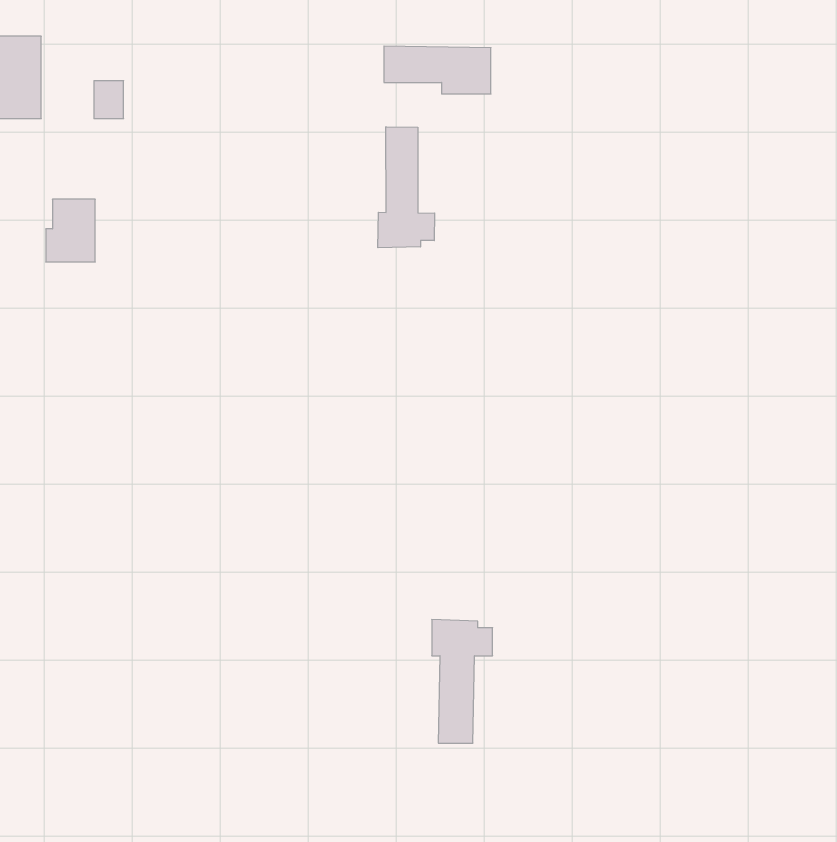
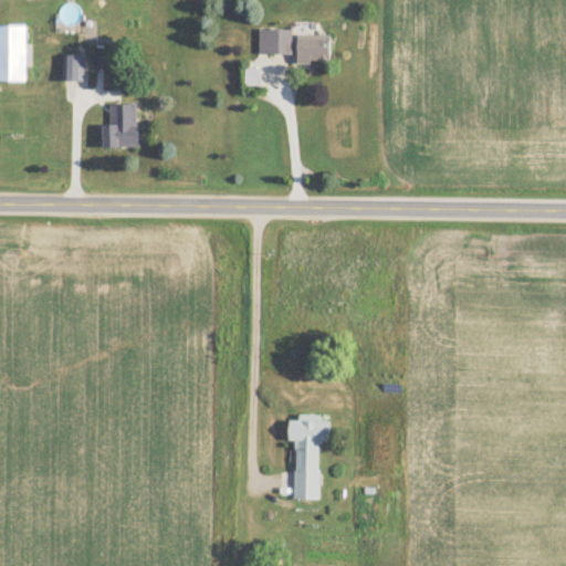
building: [378,127,435,248] -> none
building: [46,199,95,262] -> [104,103,137,145]

